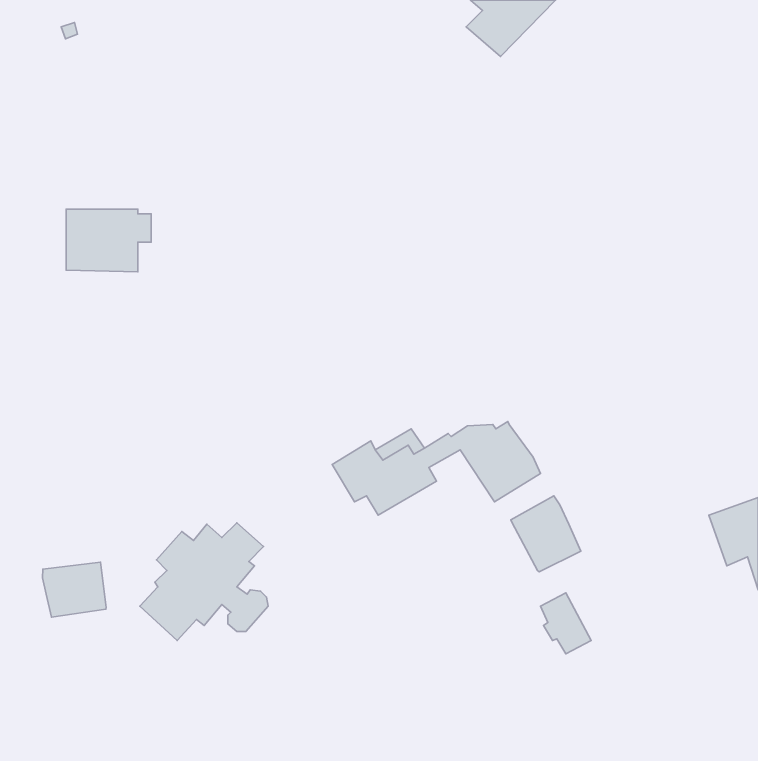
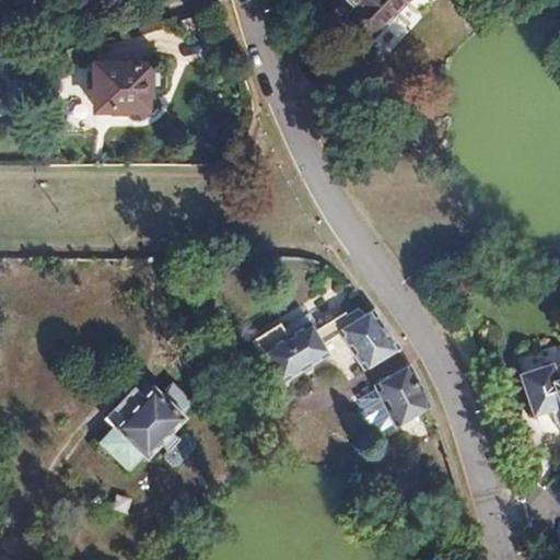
building: [66,209,151,272] -> [94,65,156,110]
building: [43,562,106,617] -> none
building: [541,593,591,654] -> [358,384,395,429]

